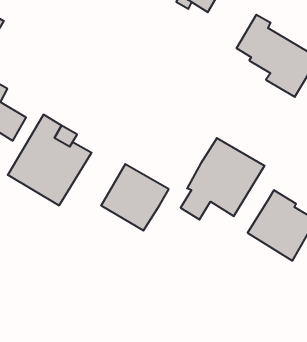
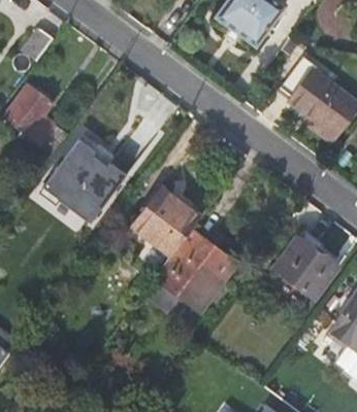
building: [181,138,265,220] -> [148,232,234,310]

